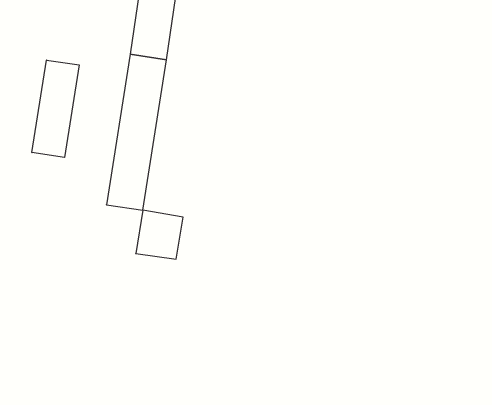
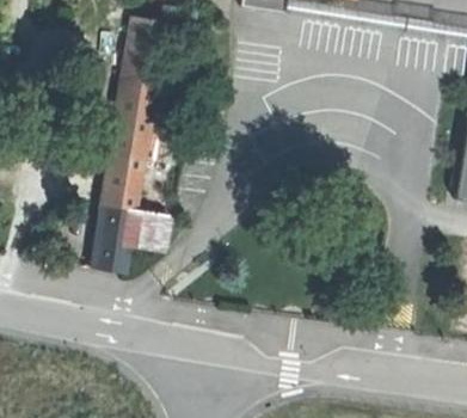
building: [32,60,79,157] -> none
building: none -> [96,205,136,271]

